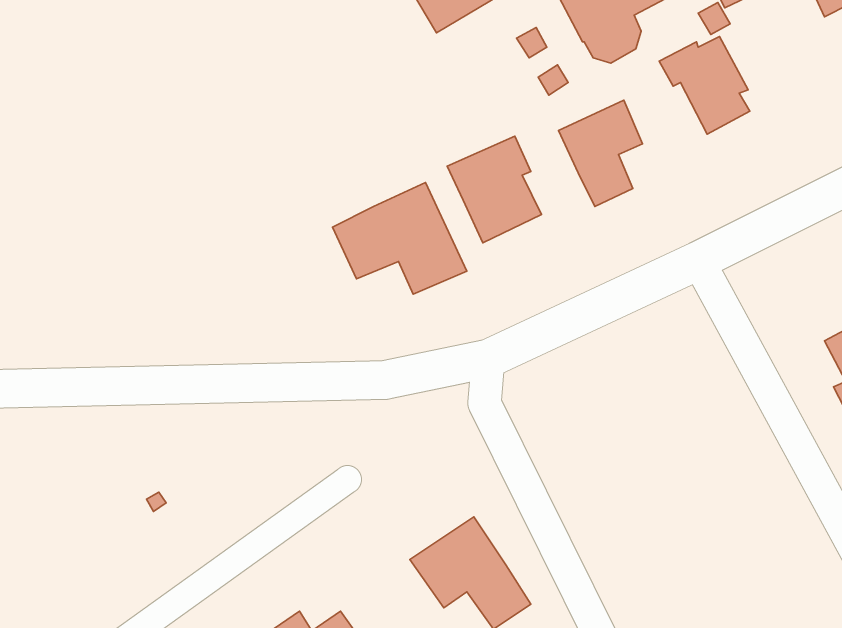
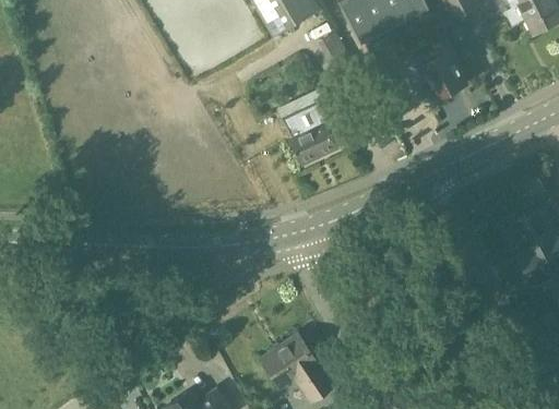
building: [558,100,642,206] -> none
building: [332,182,467,294] -> none

